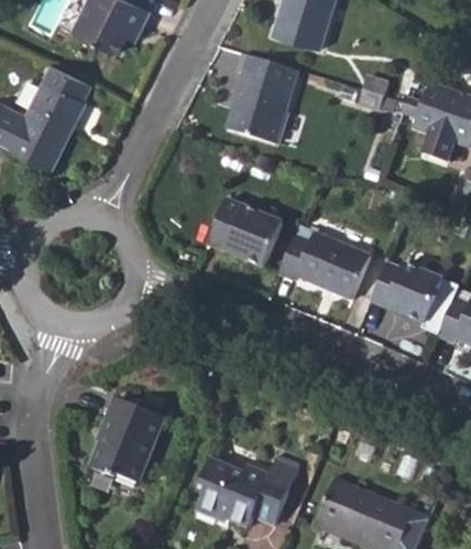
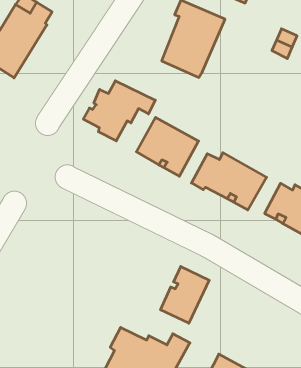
building: none -> [83,81,155,141]
building: none -> [161,266,209,323]
building: [90,397,165,482] -> none

